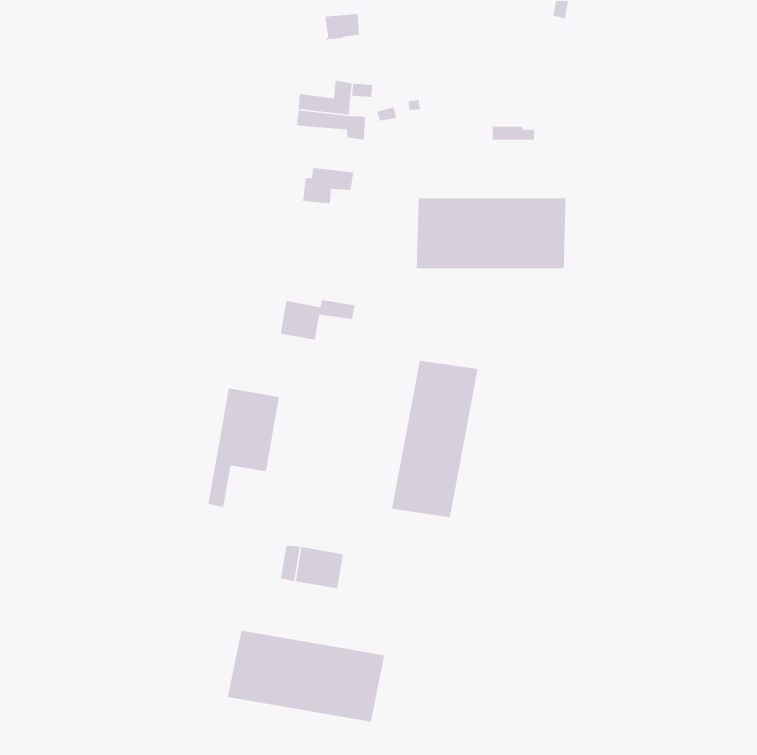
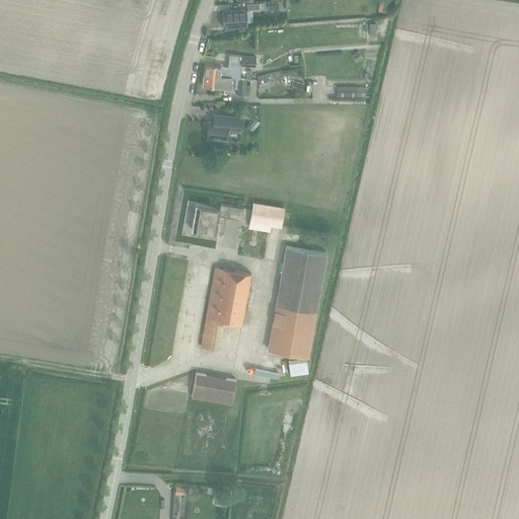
building: [416,197,567,269] -> none
building: none -> [249,205,284,227]
building: [207,388,280,508] -> [201,268,250,350]
building: [227,630,385,722] -> none

